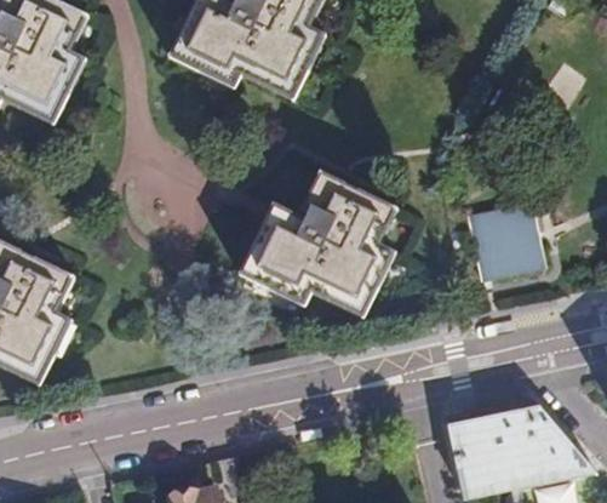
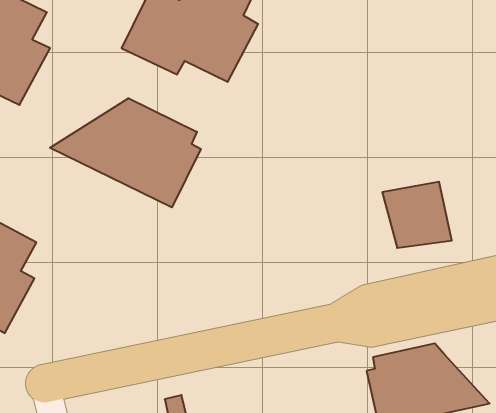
building: none -> [50,98,201,207]
building: [231,164,389,309] -> none

